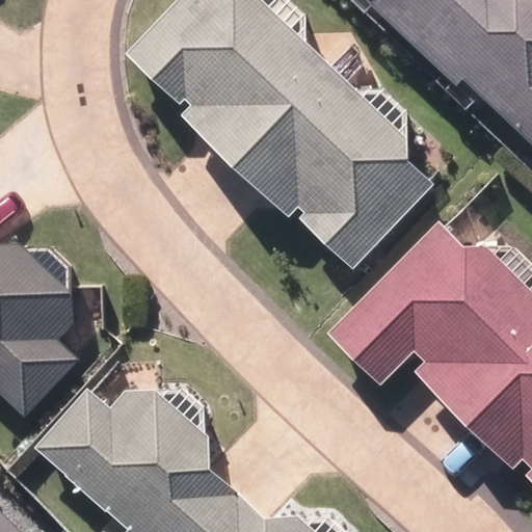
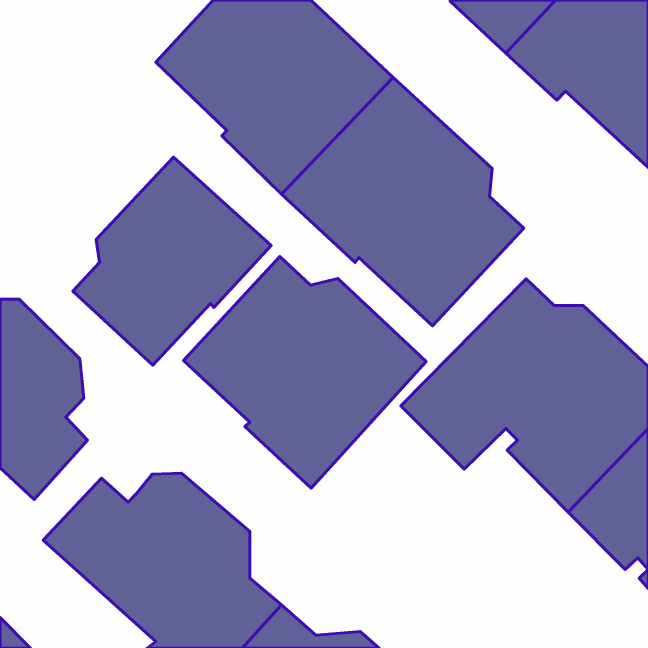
building: none -> [73,157,271,365]
building: none -> [183,256,426,488]

